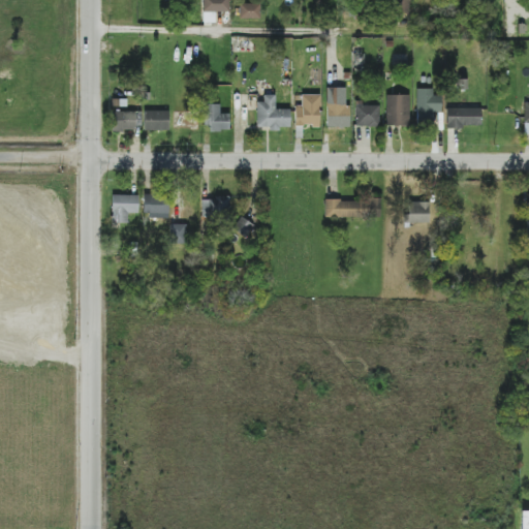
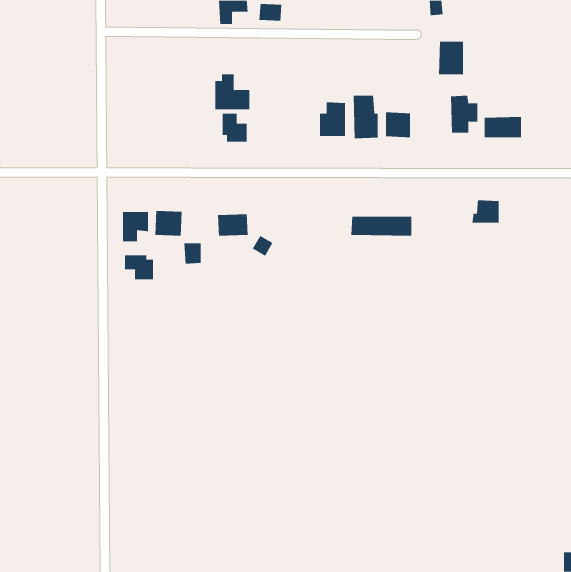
building: [257,95,290,128] -> [214,74,250,110]
building: [386,95,410,126] -> [438,41,464,75]
building: [113,111,136,131] -> none
building: [145,111,169,130] -> none
building: [404,201,430,223] -> [472,200,500,223]
building: none -> [125,254,153,280]

